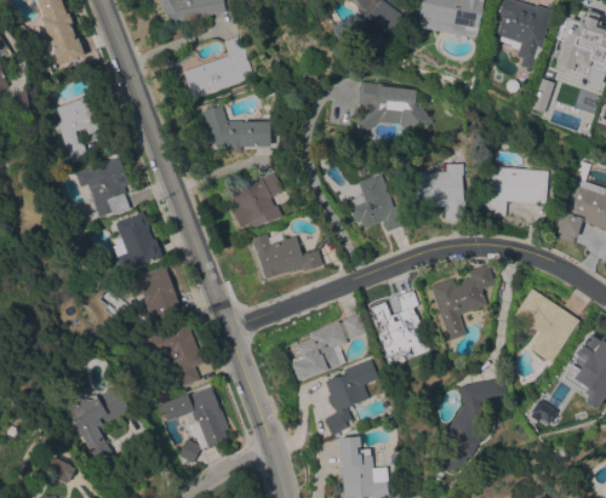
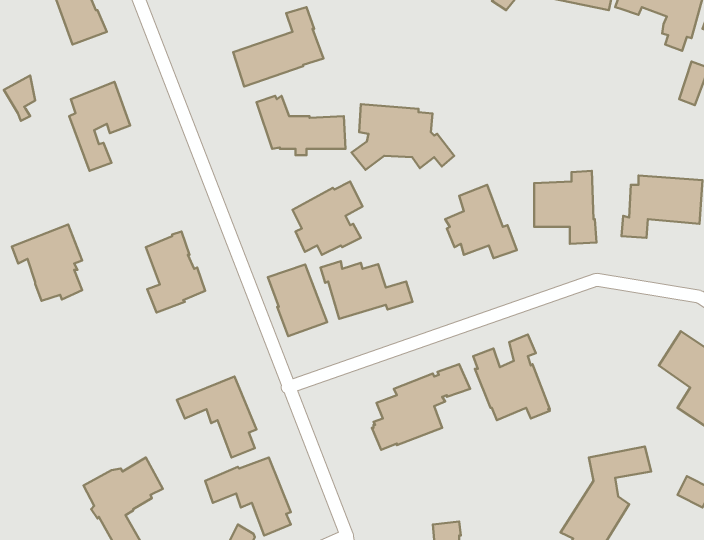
building: [353,82,433,133] -> [351,104,454,170]
building: [75,158,130,217] -> [12,225,82,301]
building: [430,264,496,340] -> none
building: [136,267,182,322] -> [268,265,327,336]
building: [324,360,378,435] -> none

